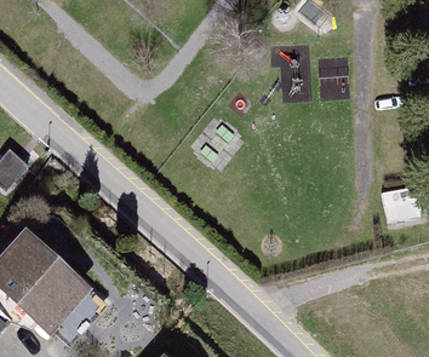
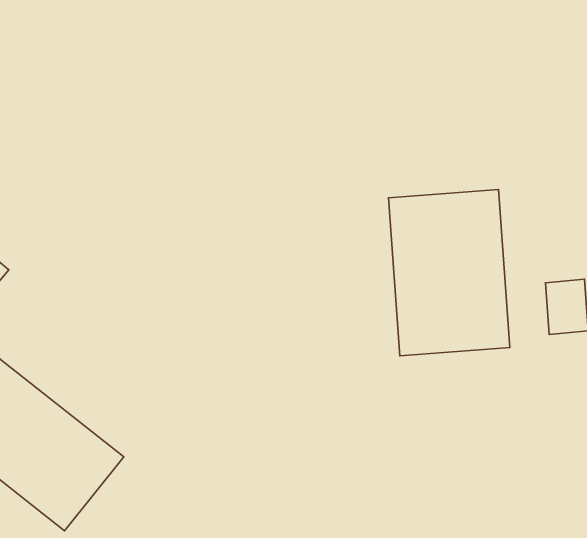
building: none -> [389,189,510,356]

